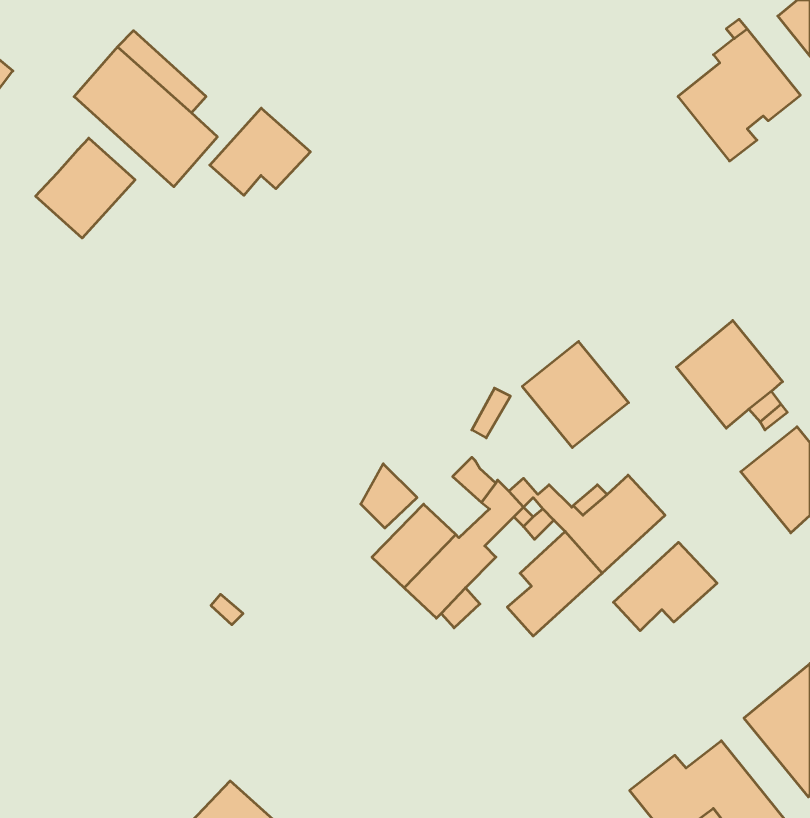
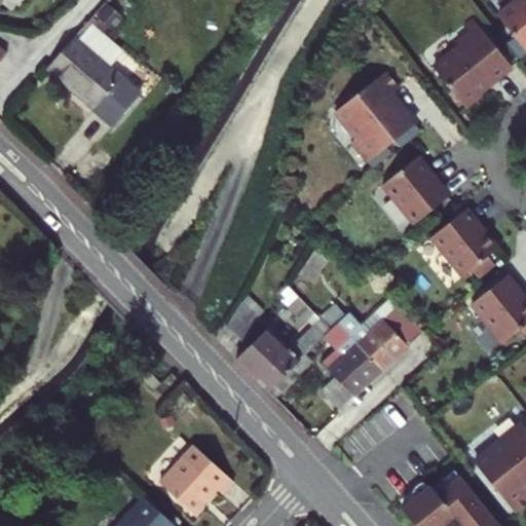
building: none -> [336,70,416,163]
building: [210,108,310,195] -> none
building: [36,138,135,238] -> none
building: [522,341,629,448] -> [383,156,451,224]
building: [613,542,717,631] -> none
building: none -> [160,449,235,518]

